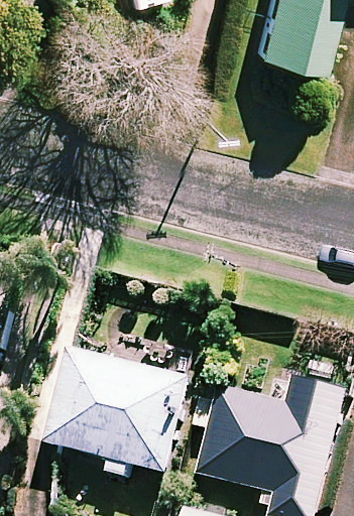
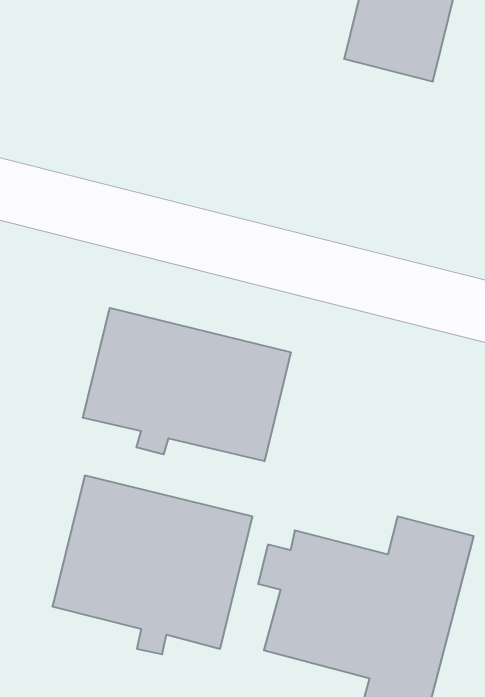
building: none -> [83,308,291,461]

